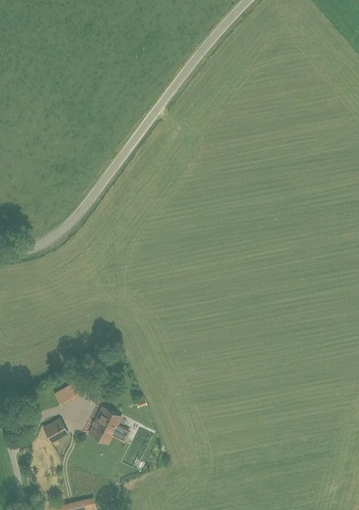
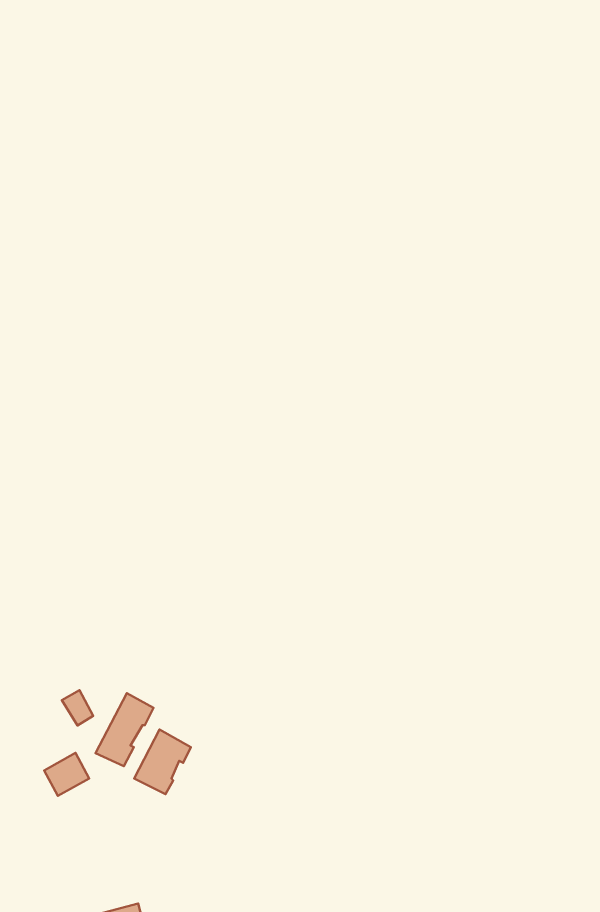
building: none -> [96,693,153,766]

